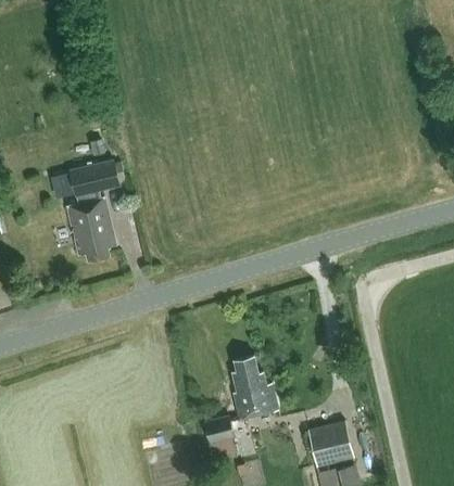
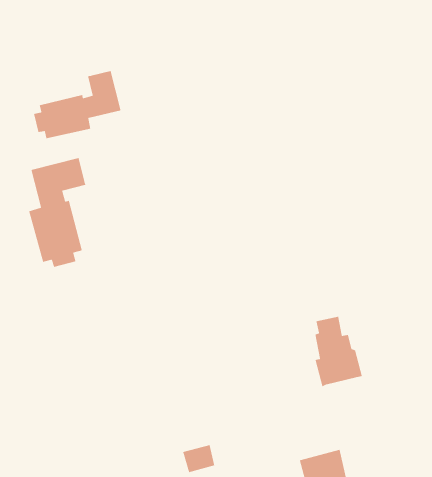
building: none -> [33,70,121,139]
building: [234,357,277,421] -> [314,316,363,388]

